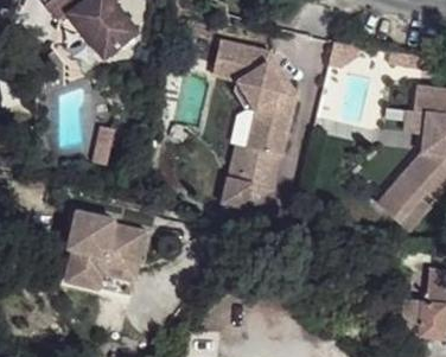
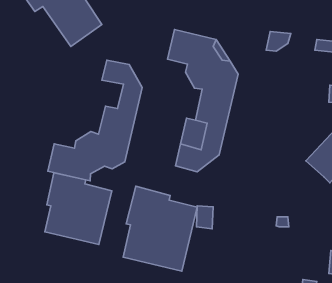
building: none -> [48,60,142,181]
building: none -> [123,186,197,271]

